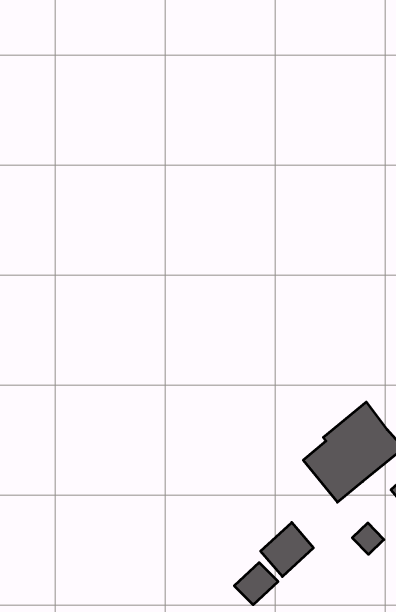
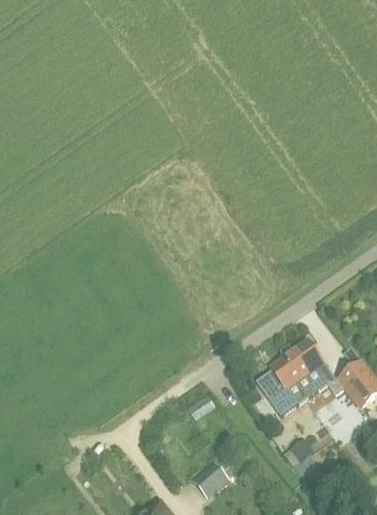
building: [261,522,313,577] -> none

